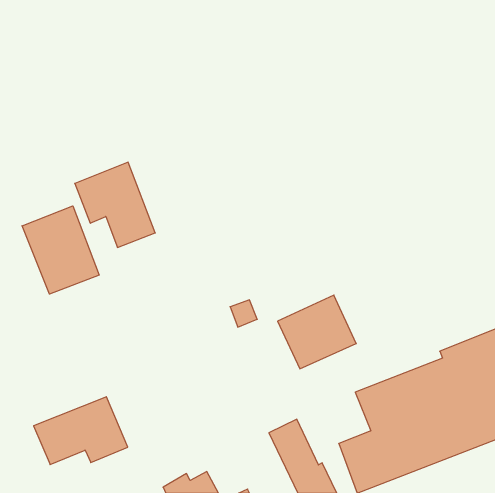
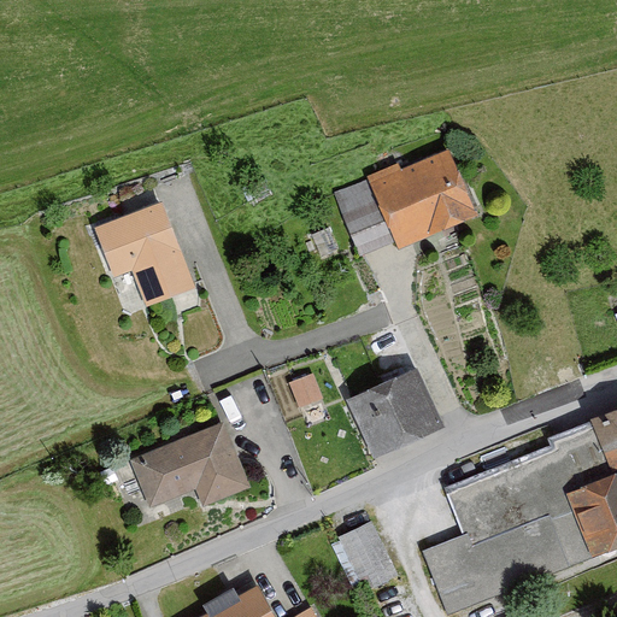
building: none -> [331,149,481,255]
building: [22,206,99,294] -> none
building: [34,397,128,465] -> [130,423,247,507]

